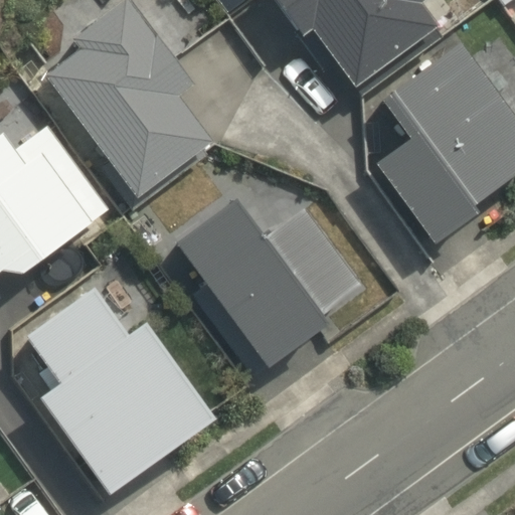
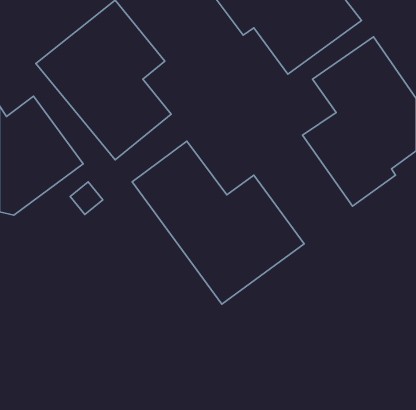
building: [29,288,199,475] -> none

